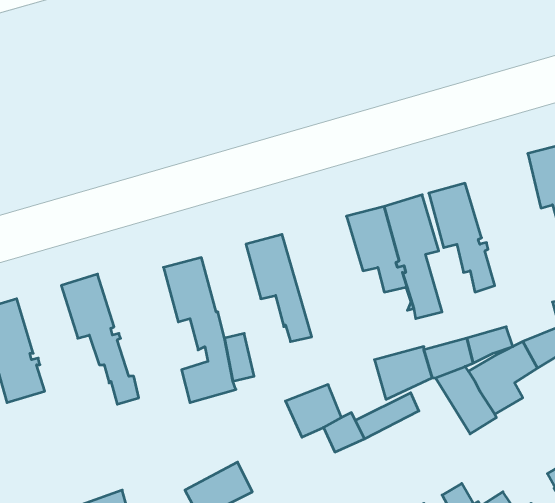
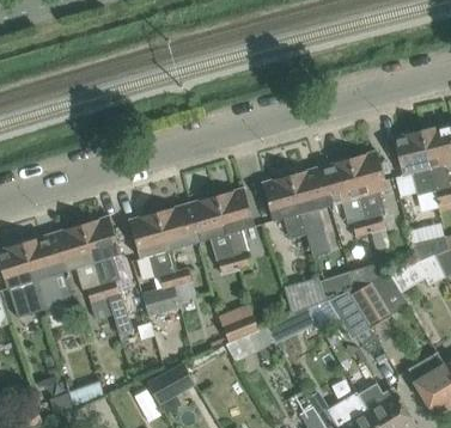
building: none -> [348,149,389,250]
building: none -> [215,187,255,269]
building: none -> [157,203,195,251]
building: none -> [81,215,132,334]
building: none -> [23,233,71,308]

